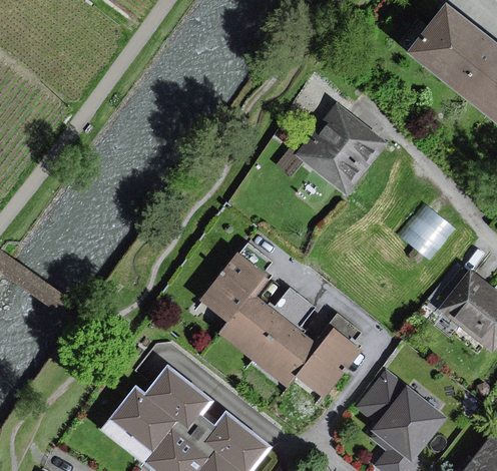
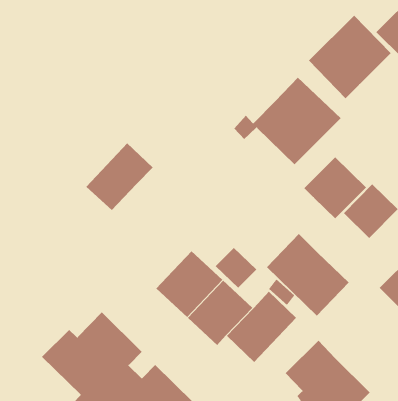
building: none -> [308,15,392,99]
building: none -> [303,156,367,219]
building: [198,252,265,322] -> [86,143,153,211]
building: none -> [266,233,350,317]

